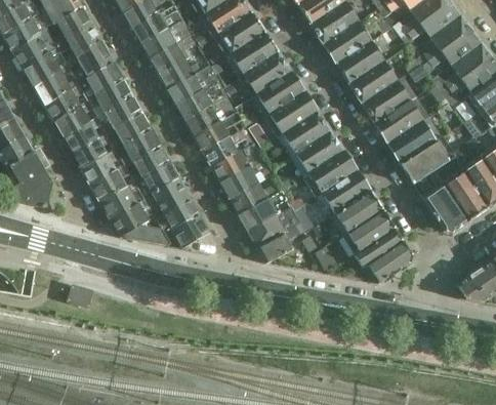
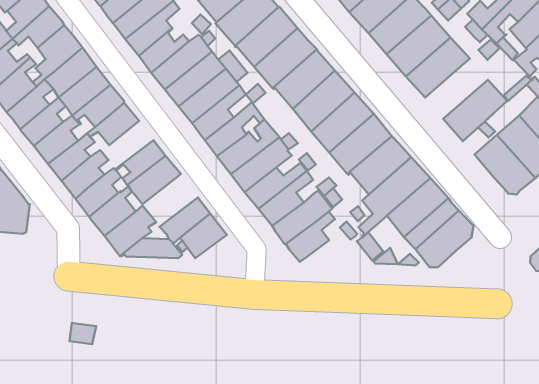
building: [388,116,442,162] -> none
building: [117,128,161,165] -> none
building: [144,176,191,217] -> none

